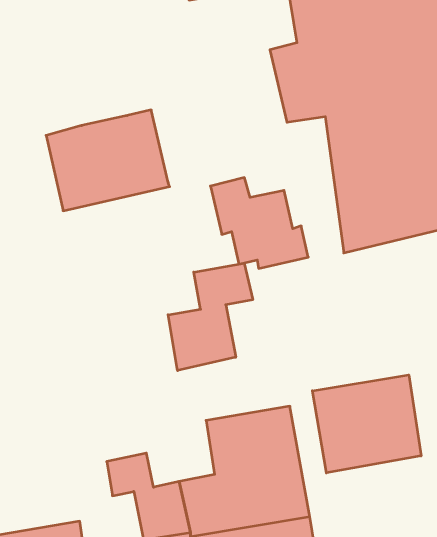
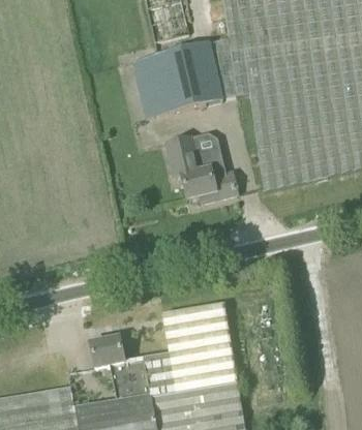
building: [46,110,170,211] -> [132,43,222,117]
building: [168,263,253,371] -> none
building: [312,375,421,473] -> none

